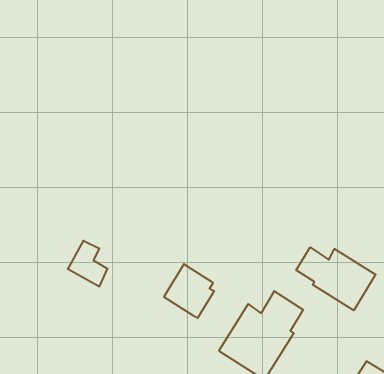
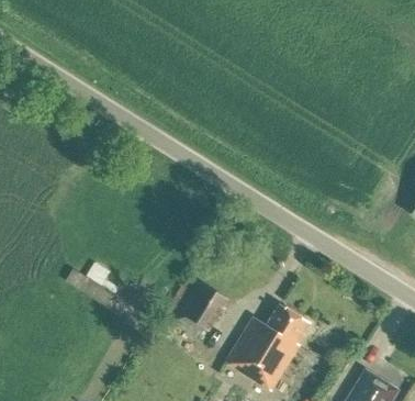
building: [296,247,376,310] -> none

